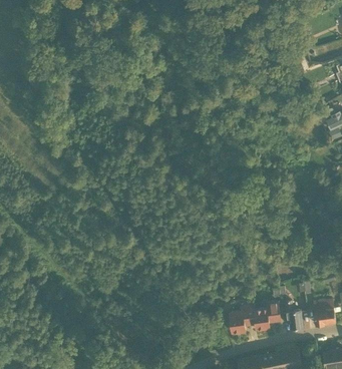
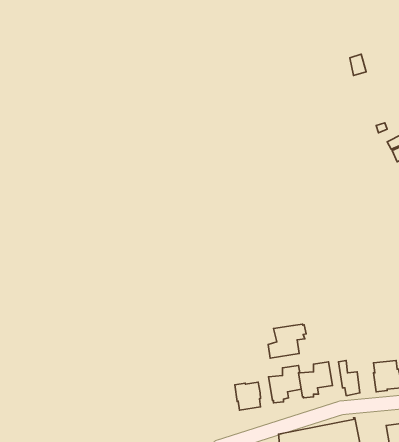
building: none -> [268,324,306,358]
building: none -> [235,382,260,410]

